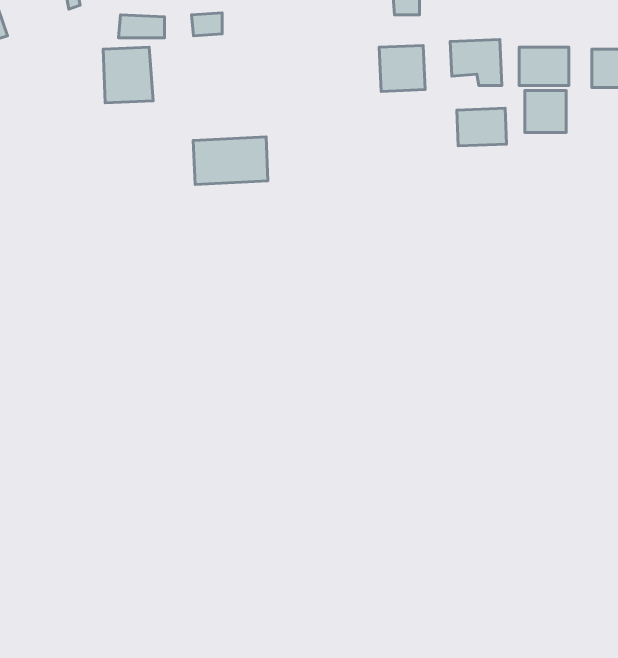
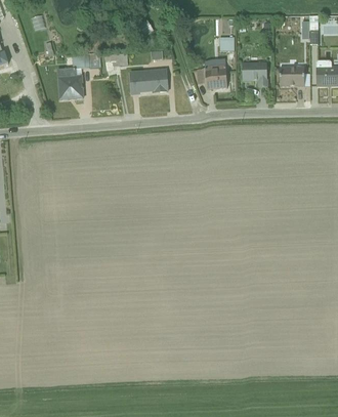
building: [525,91,566,132] -> none
building: [457,108,507,146] -> none
building: [193,137,268,185] -> [129,67,169,92]

